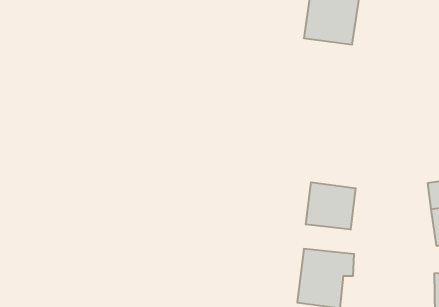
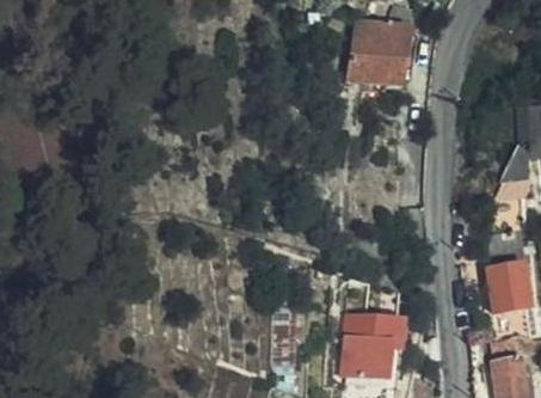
building: [306,182,355,230] -> none

